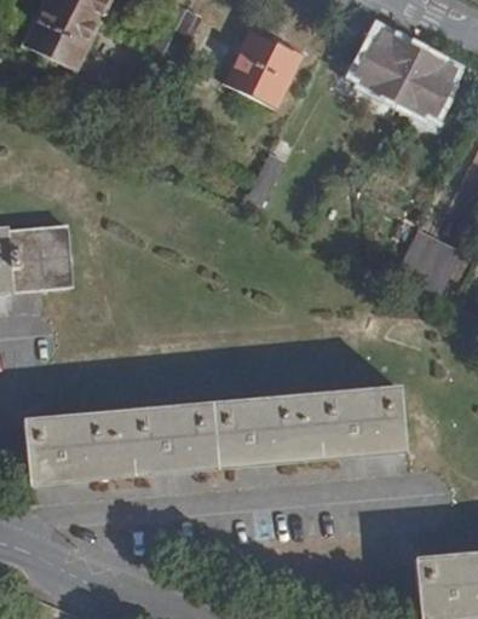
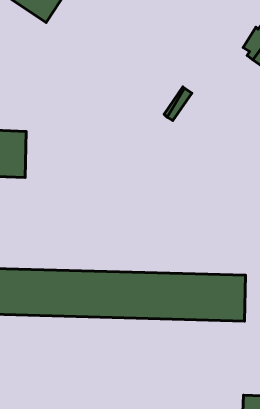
building: [223,27,299,105] -> none

